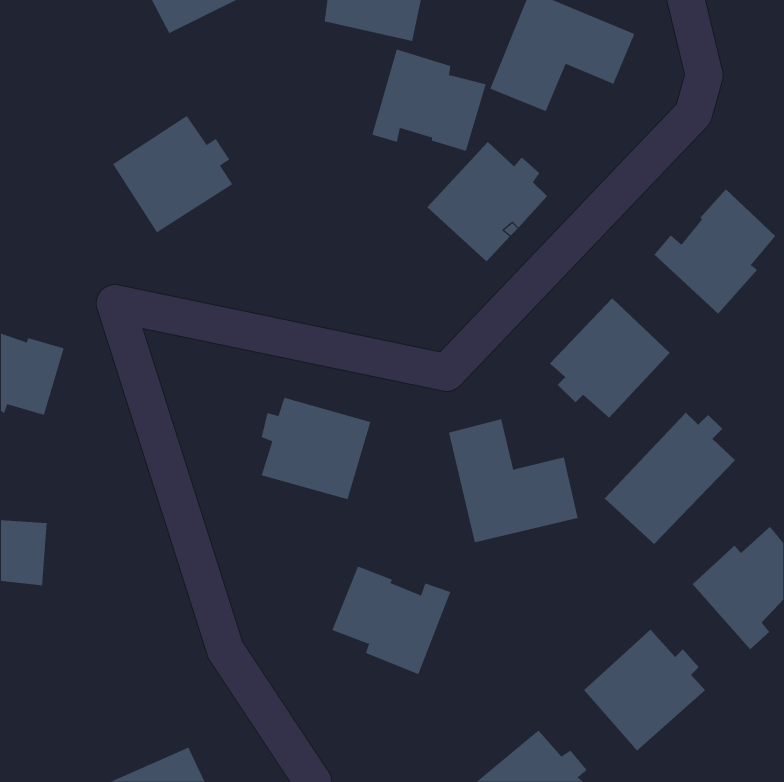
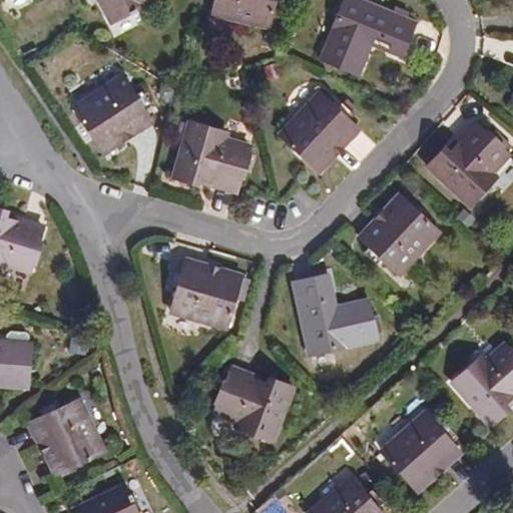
building: [371,49,487,152] -> [174,123,249,190]
building: [604,412,736,545] -> none
building: none -> [30,399,104,475]

